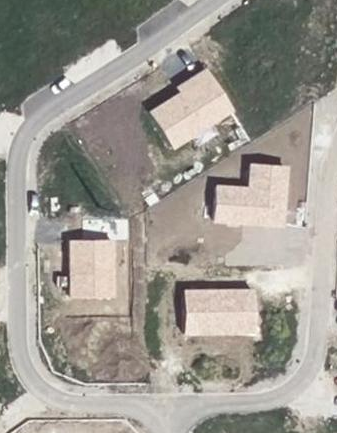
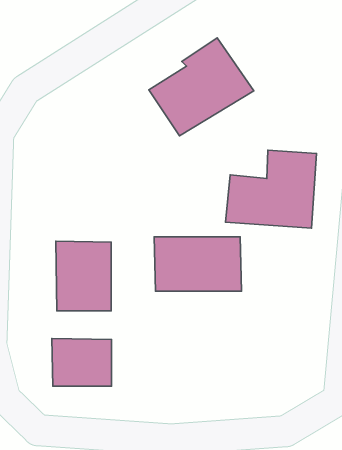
building: [184,288,258,334] -> [154,237,241,291]
building: none -> [52,339,111,386]

